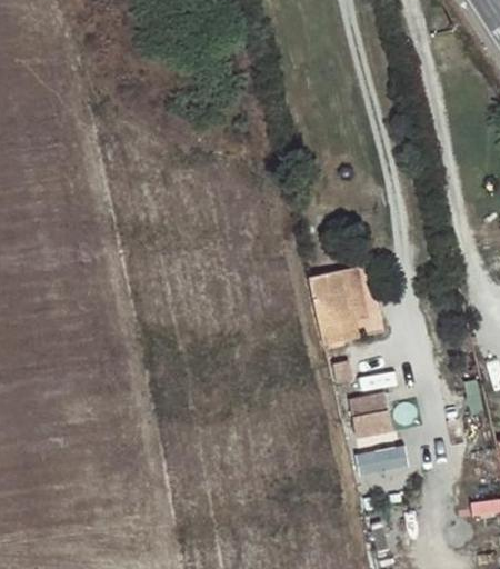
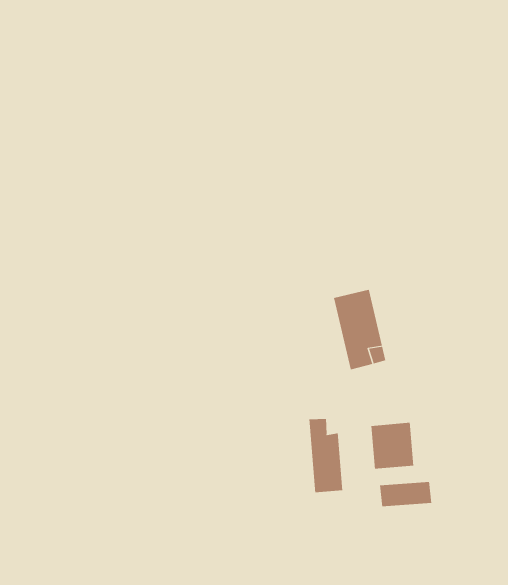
building: none -> [309,418,343,493]

